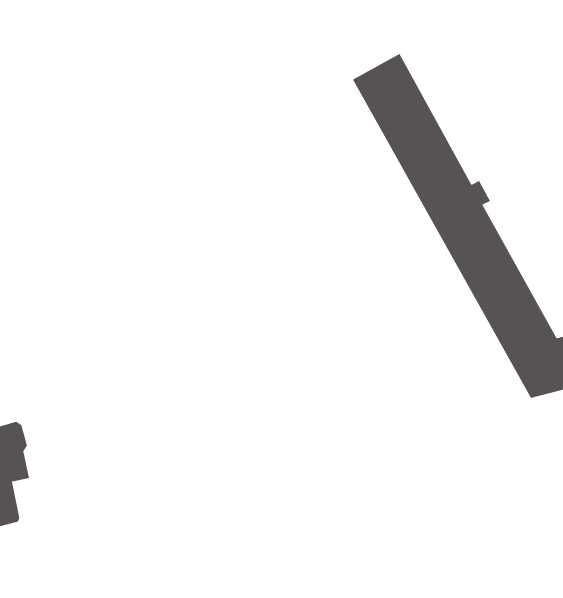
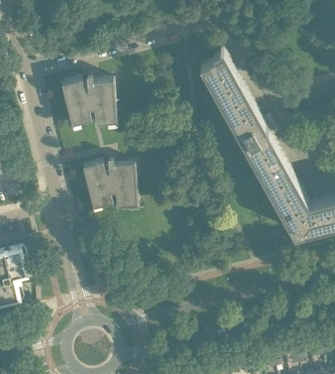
building: none -> [60,77,114,126]
building: none -> [81,160,135,210]

